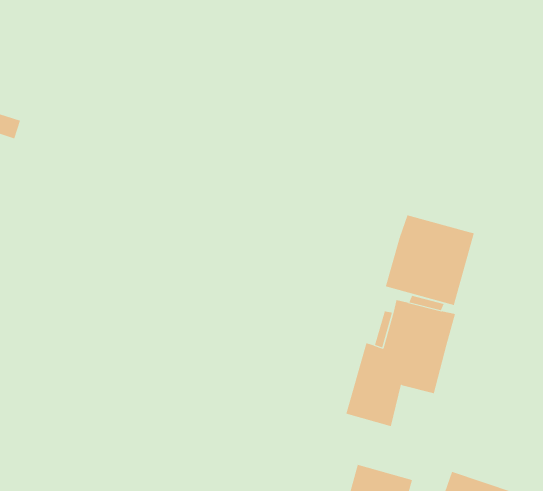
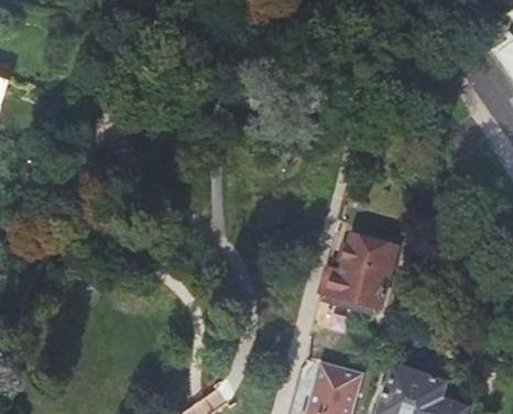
building: [385,214,474,306] -> none

